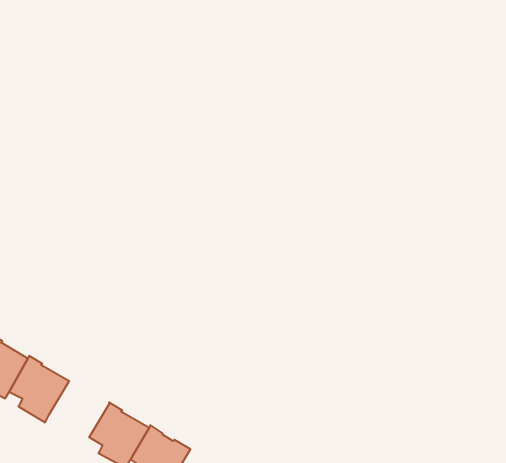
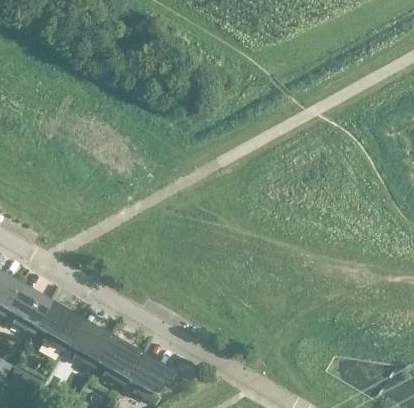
building: none -> [64,316,109,365]

